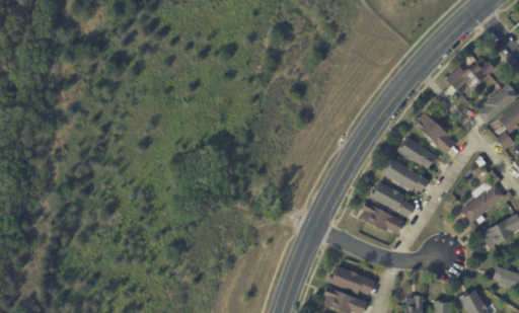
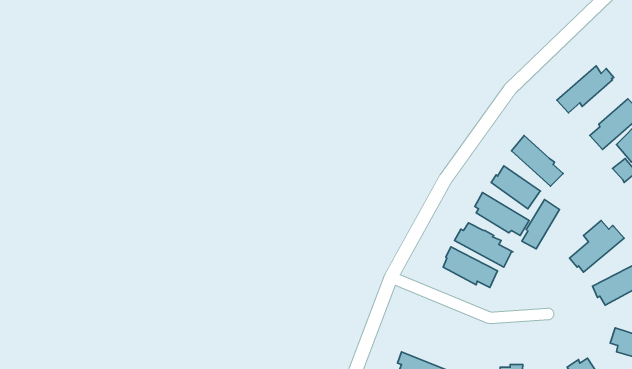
building: none -> [522,200,559,249]
building: [328,266,375,294] -> none

